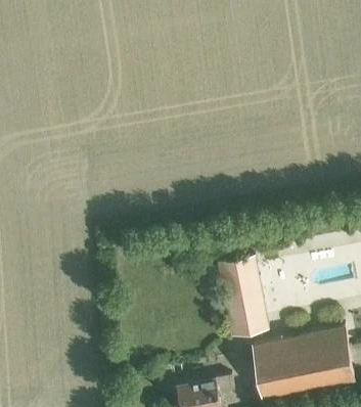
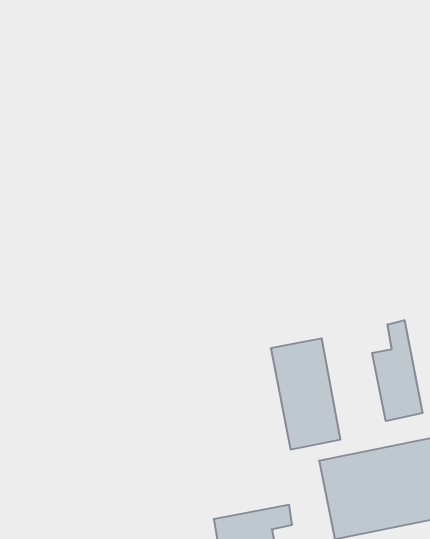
building: none -> [372,320,423,421]

